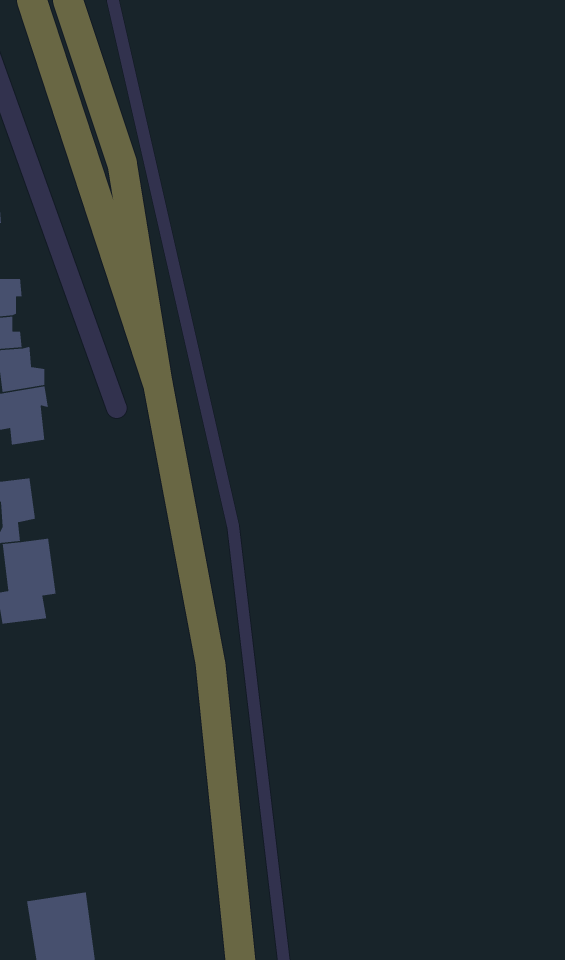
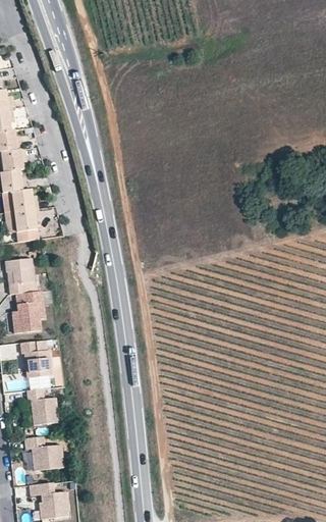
building: none -> [20,342,53,376]
building: none -> [28,388,59,424]
building: none -> [25,436,63,470]

